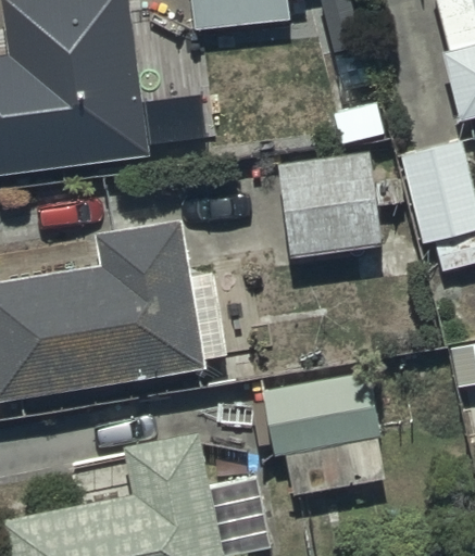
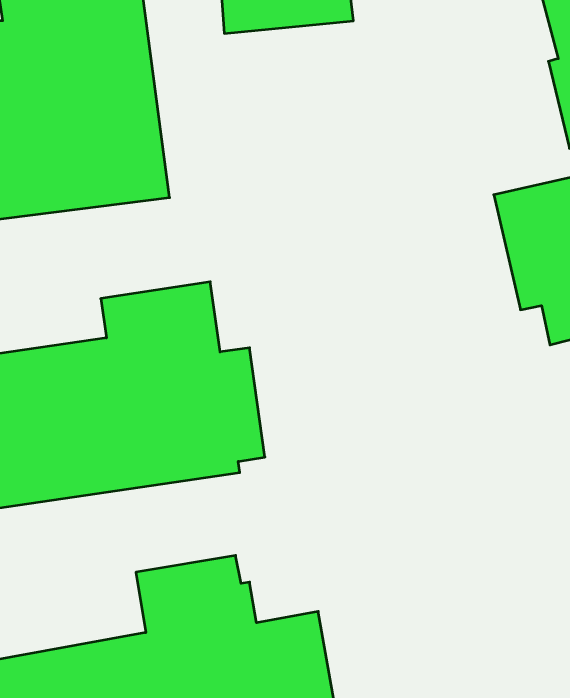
building: [275,153,403,258] -> none
building: [261,367,387,495] -> none

